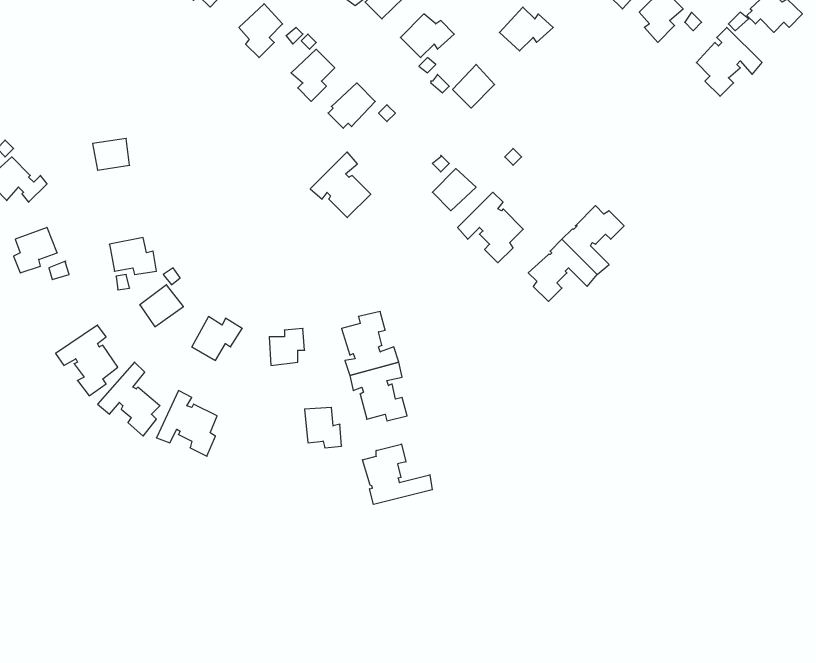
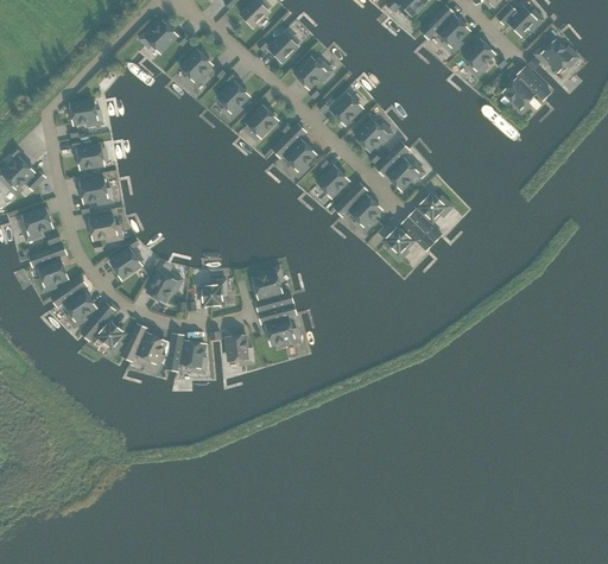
building: [499,7,553,51] -> [355,120,393,151]
building: none -> [70,101,102,127]
building: none -> [375,142,424,190]
building: [310,152,371,218] -> [272,125,315,171]
building: none -> [81,179,113,205]
building: none -> [30,245,68,293]
building: none -> [166,334,207,374]
building: [362,444,432,504] -> none

